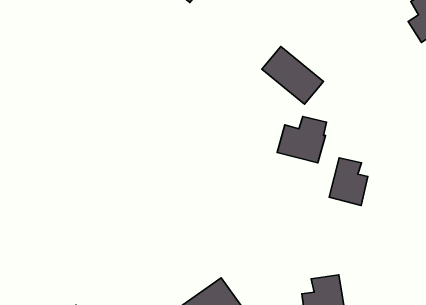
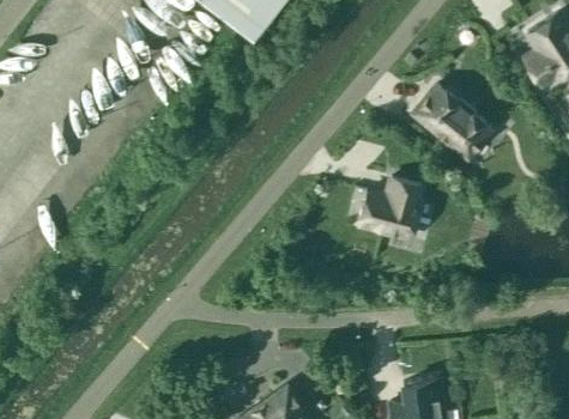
building: [262,46,323,104] -> [416,83,494,156]
building: [329,158,368,205] -> none

